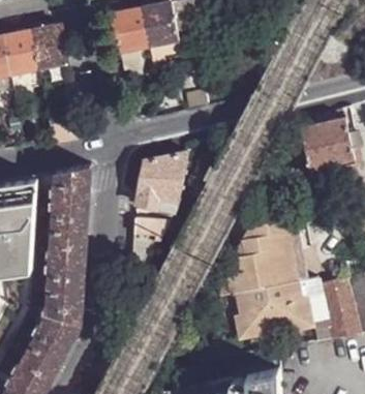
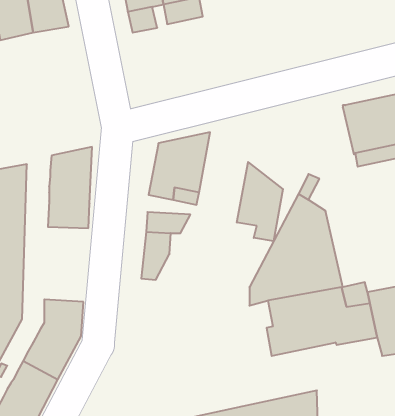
building: none -> [237,162,283,241]
building: [50,231,87,294] -> none

